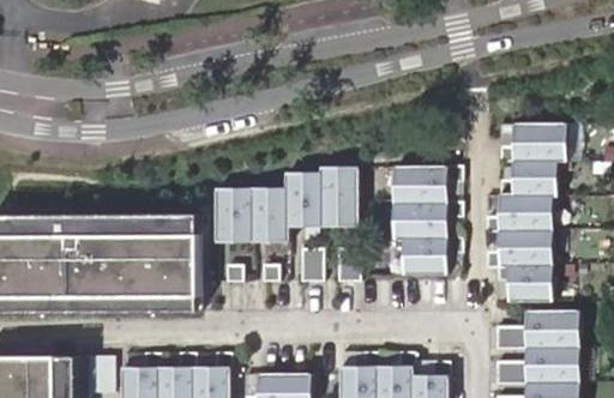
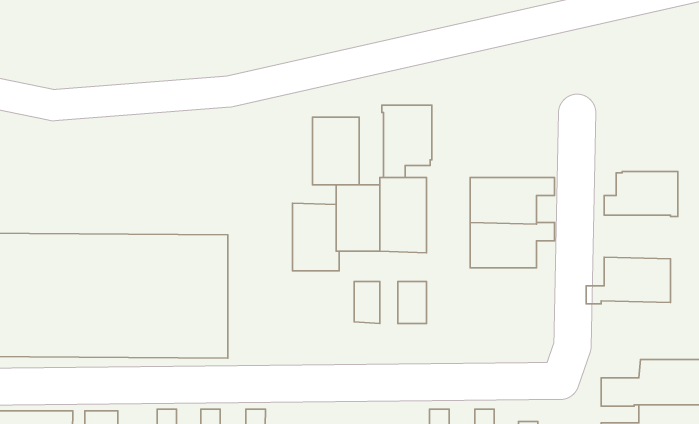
building: none -> [382,105,432,177]
building: [498,125,565,163] -> none
building: [212,187,249,241] -> [313,117,359,185]
building: [483,197,550,233] -> none
building: [399,237,456,275] -> none
building: [494,265,550,302] -> none

